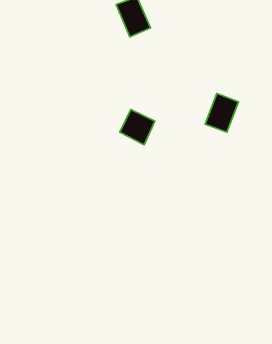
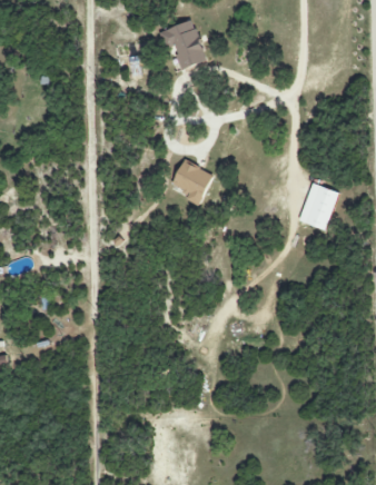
building: [205,94,238,132] -> [297,182,338,230]

